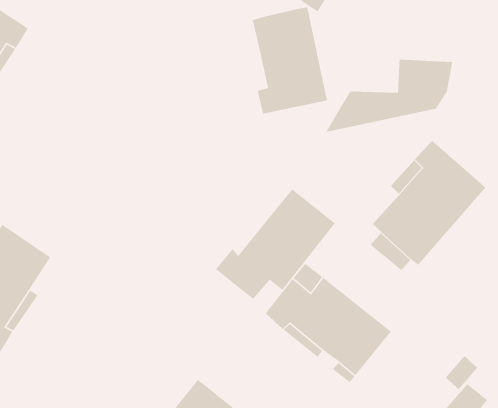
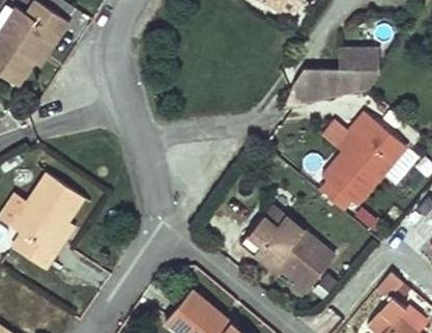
building: [252,6,328,115] -> none
building: [215,189,336,300] -> none

